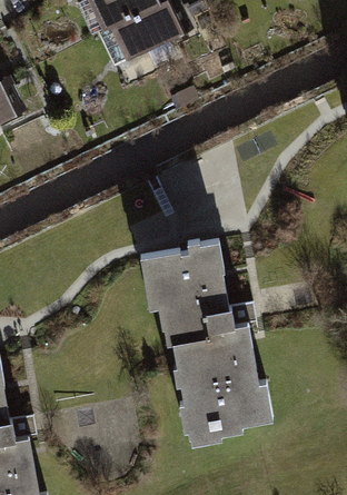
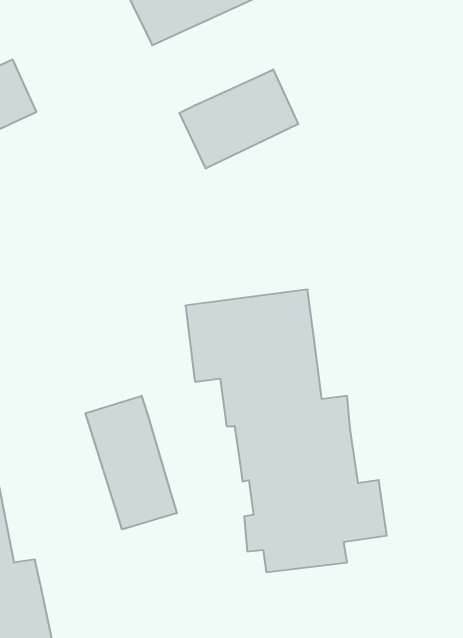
building: none -> [180,69,298,169]
building: none -> [85,396,177,529]

